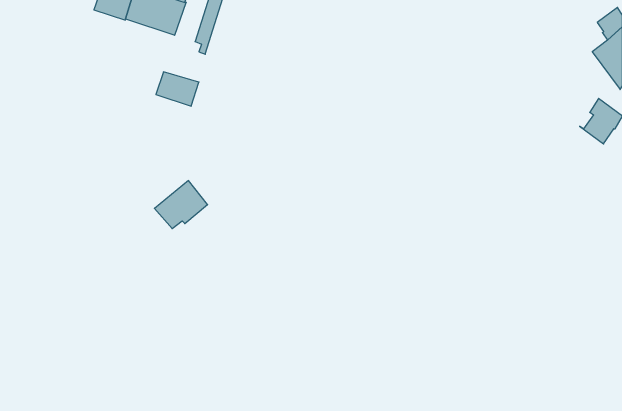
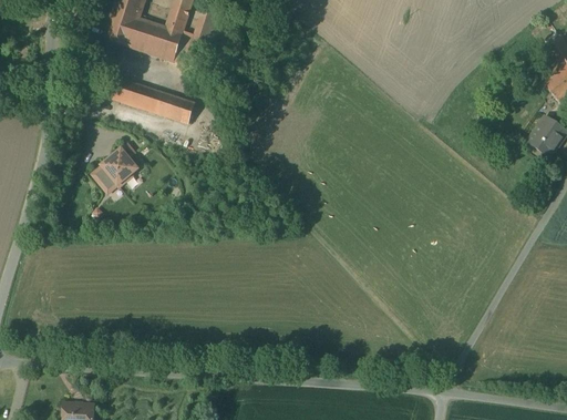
building: none -> [104,74,164,113]
building: [154,181,208,229] -> [93,151,140,193]

